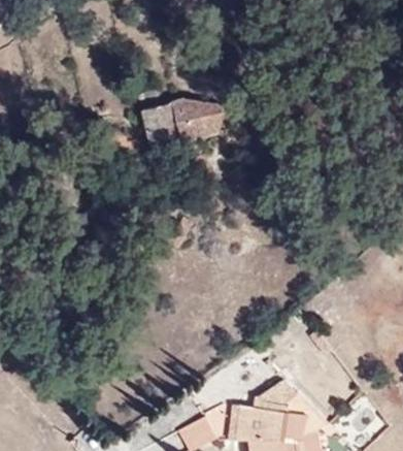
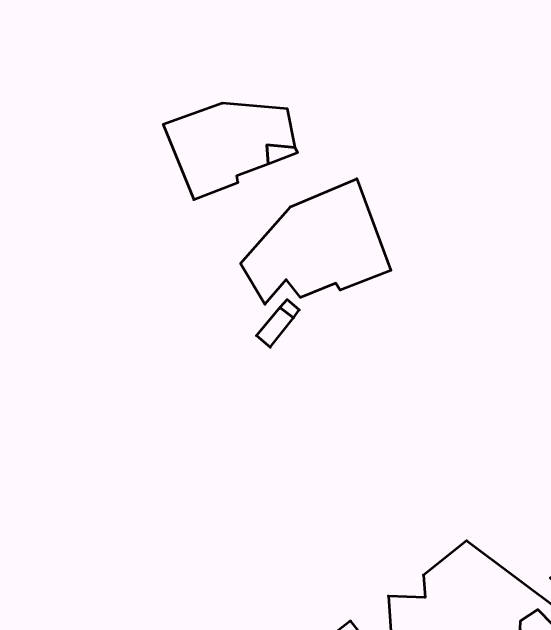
building: none -> [241,179,391,304]

